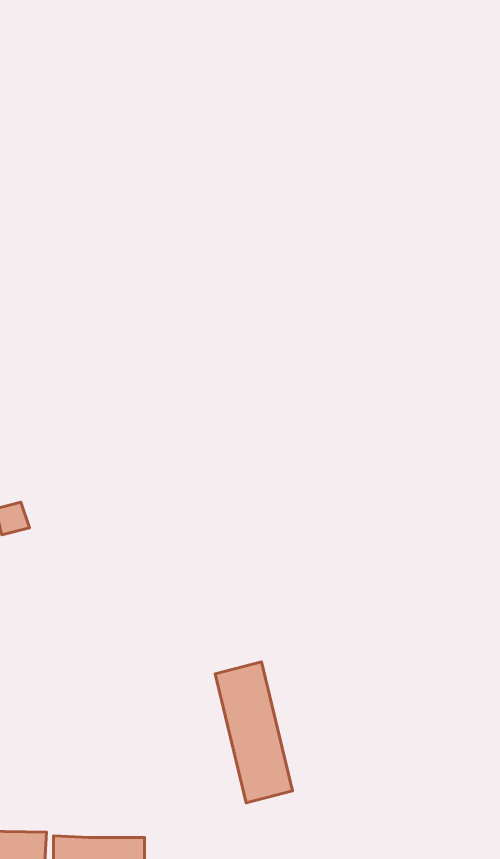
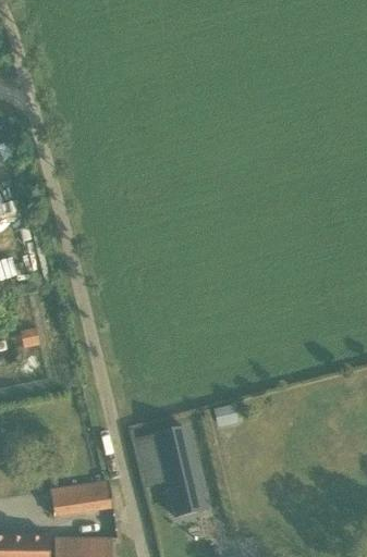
building: none -> [50,482,113,517]

